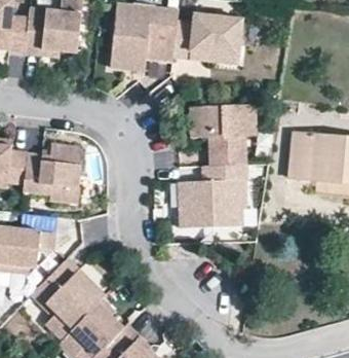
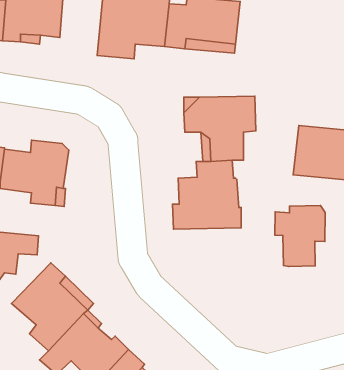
building: none -> [275,205,325,266]

